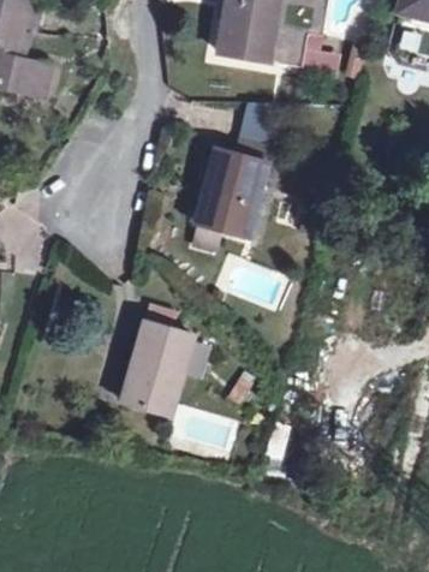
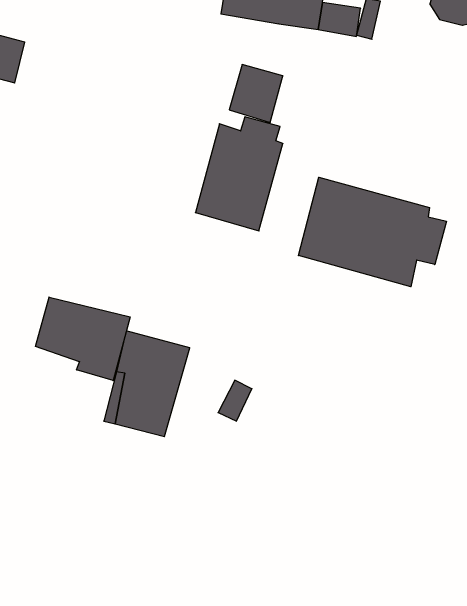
building: none -> [298,177,446,287]
building: none -> [36,297,130,381]

